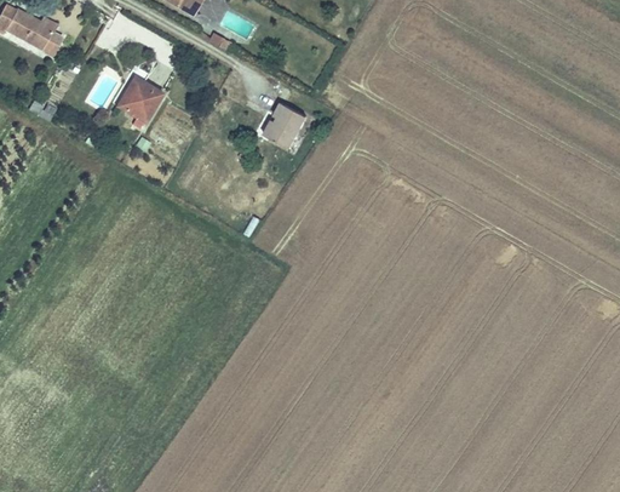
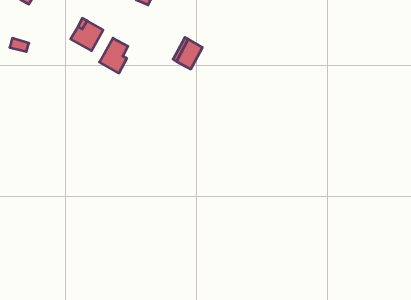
building: none -> [99,38,128,73]

